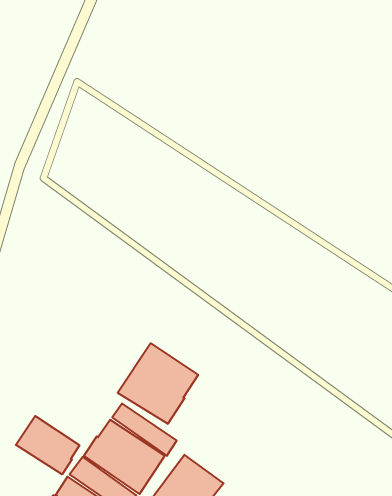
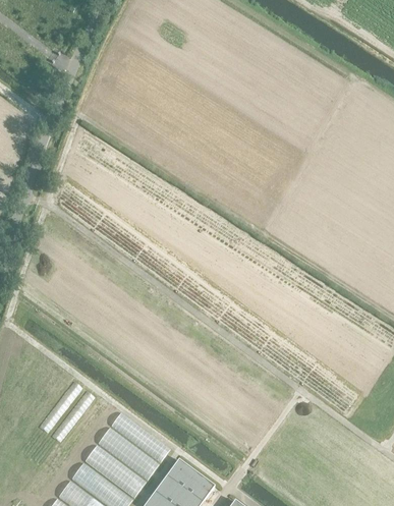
building: [118,343,198,424] -> none
building: [16,416,79,474] -> none

